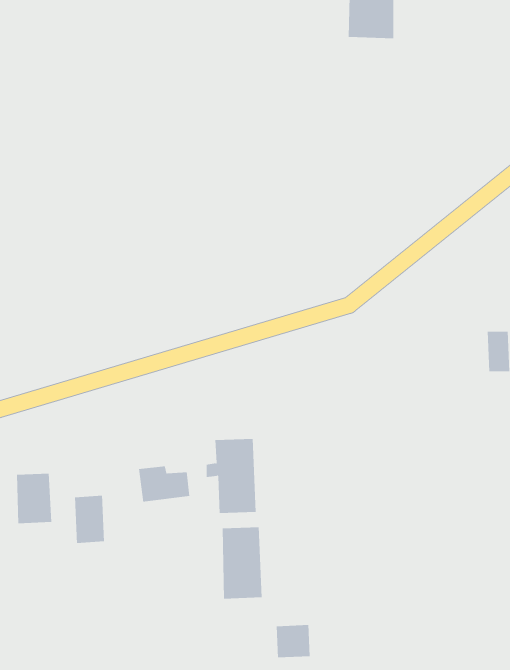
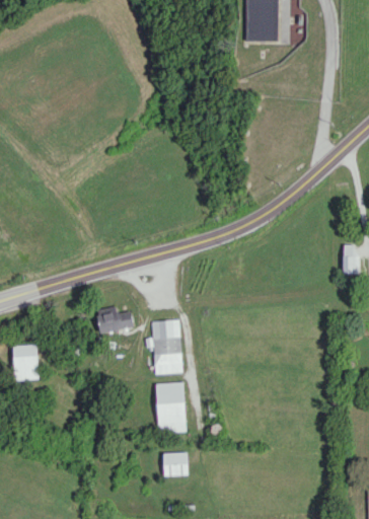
building: [138,466,190,502] -> [97,307,134,332]
building: [75,495,105,544] -> none
building: [276,625,310,658] -> [163,452,188,475]

